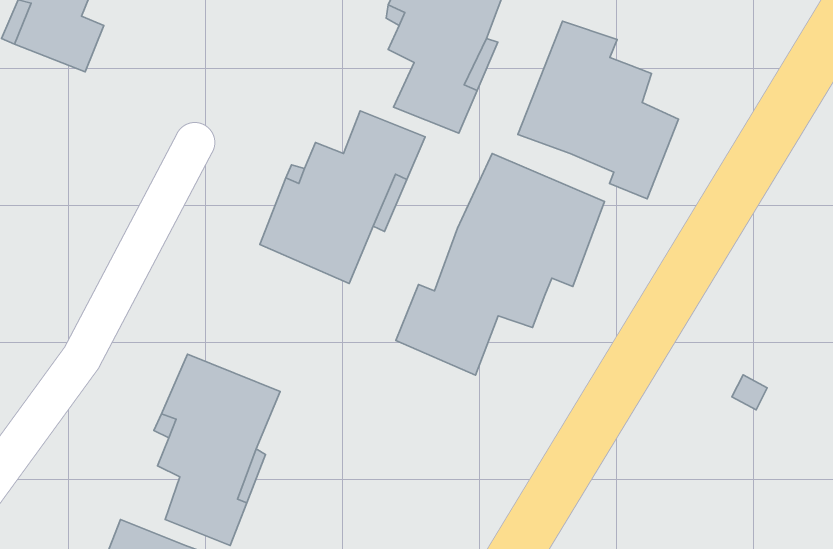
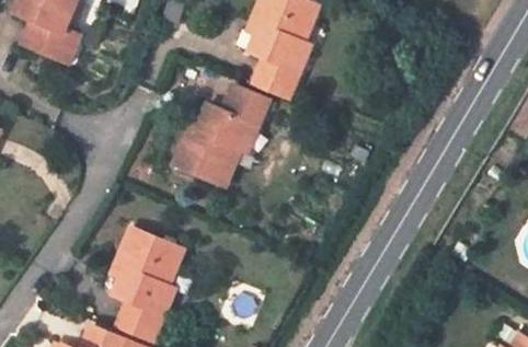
building: [518,21,679,199] -> none
building: [396,153,604,375] -> none

